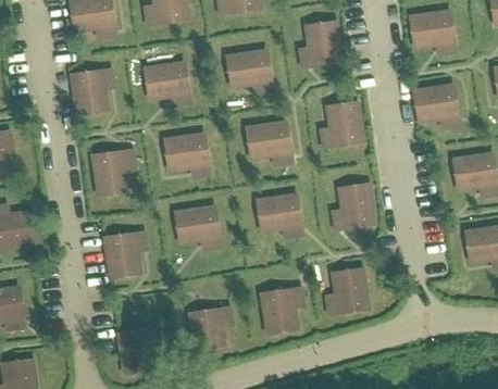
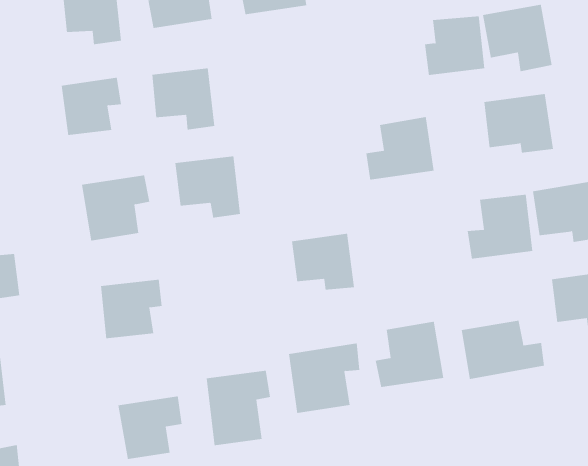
building: [294,18,343,66] -> [424,16,485,75]
building: [220,48,276,93] -> none
building: [241,117,299,167] -> none
building: [327,180,381,233] -> [467,194,533,259]
building: [171,202,227,251] -> none
building: none -> [461,320,544,380]

